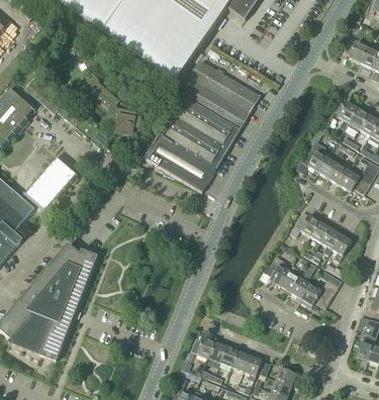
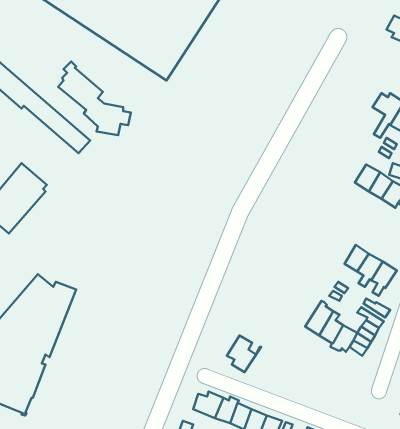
building: [143,61,260,192] -> none
building: [303,140,328,171] -> none
building: [291,211,320,235] -> none
building: [266,256,293,285] -> [227,335,261,372]

